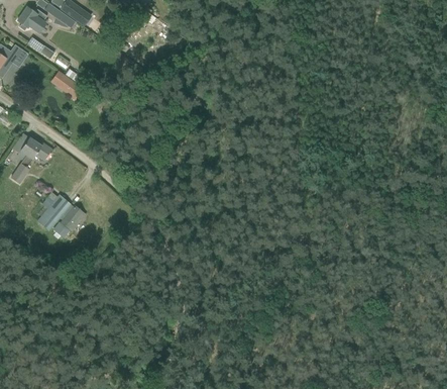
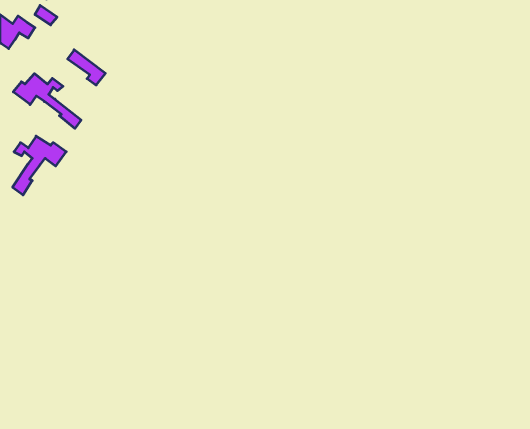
building: none -> [13,74,81,128]
building: [37,194,82,230] -> none

